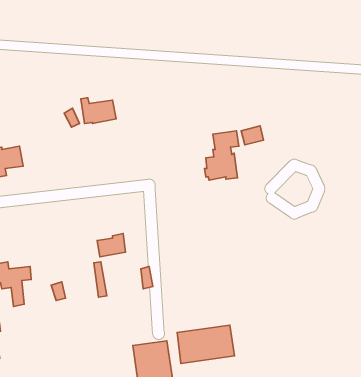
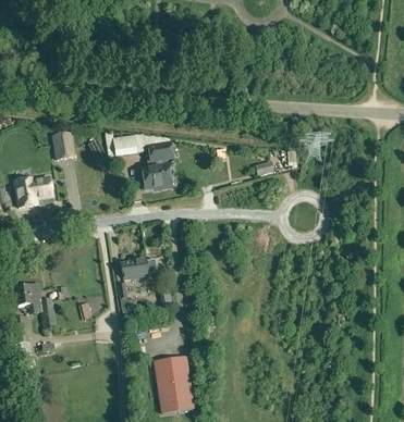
building: none -> [52,132,75,161]
building: [205,131,239,180] -> [140,142,172,188]
building: [177,325,234,364] -> none

